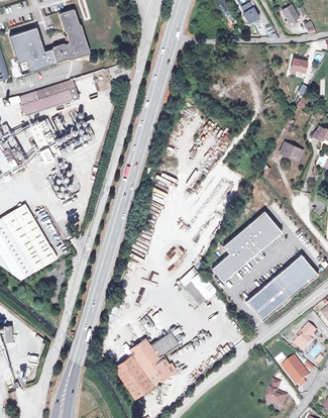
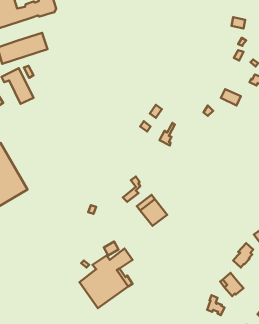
building: [211,210,282,281] -> none
building: [245,253,318,320] -> none

